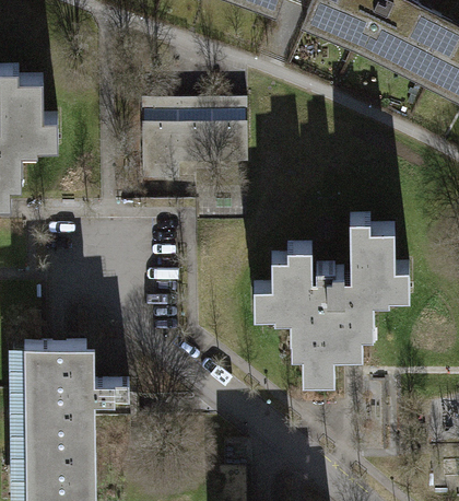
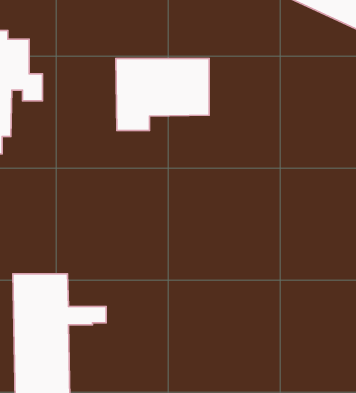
building: [255,222,409,386] -> none

